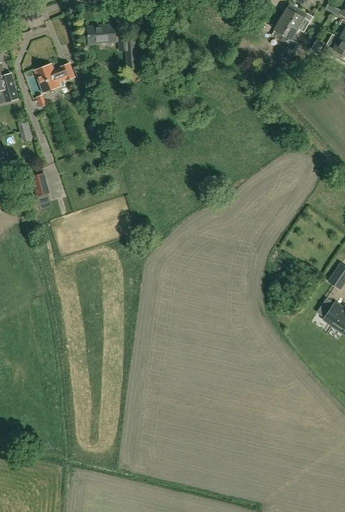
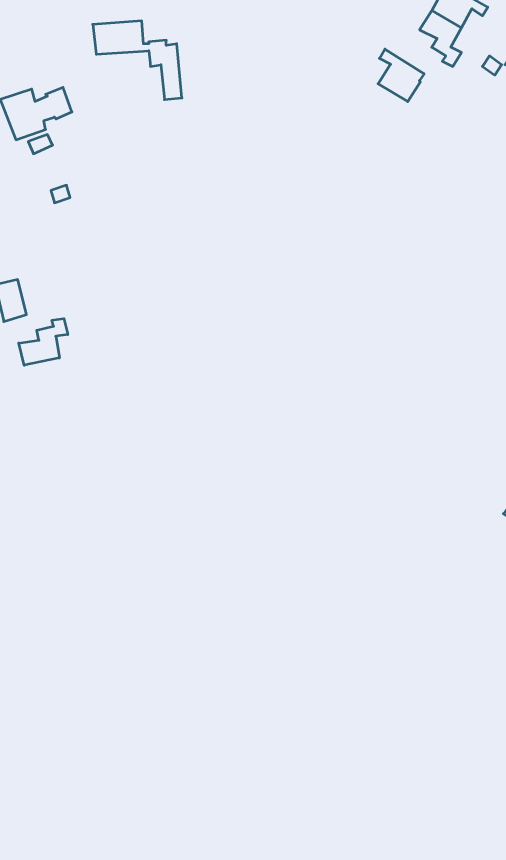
building: none -> [378,49,424,102]
building: none -> [19,319,68,365]

